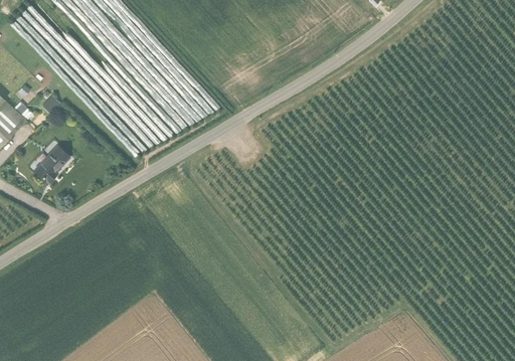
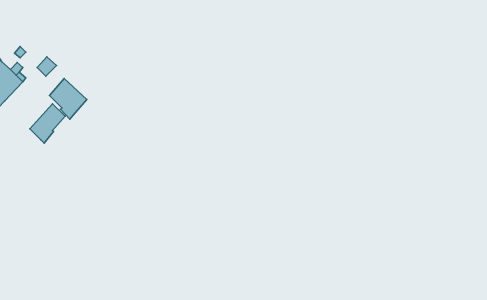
building: none -> [50,79,87,119]

